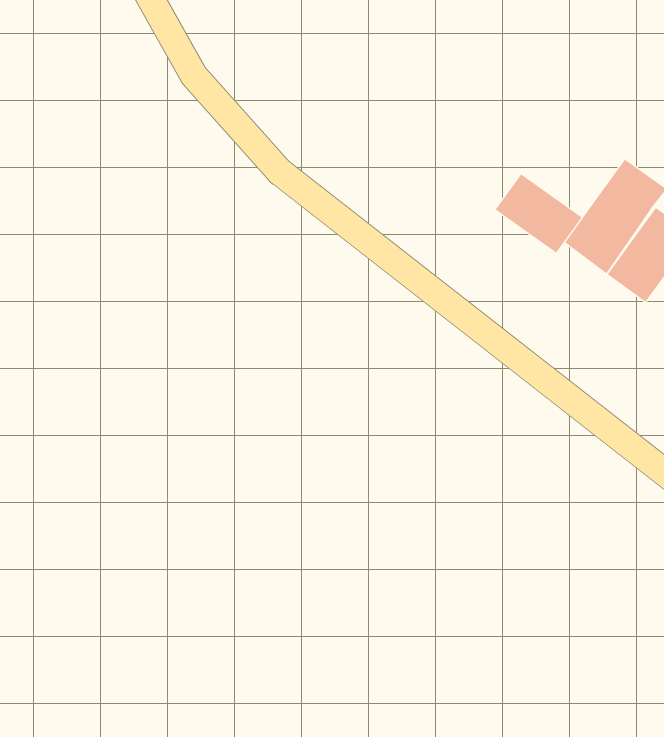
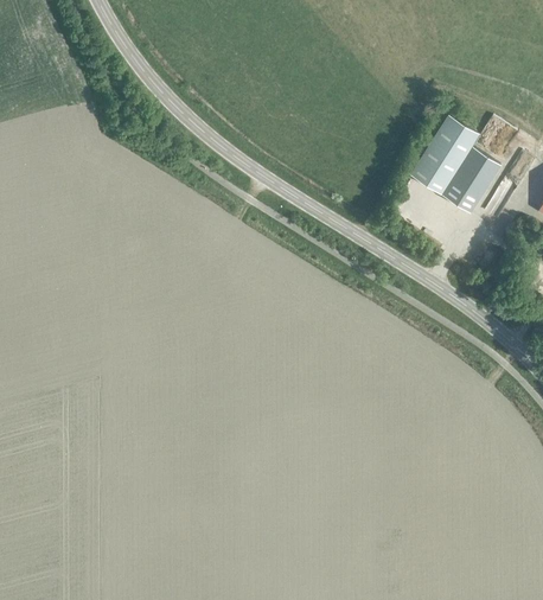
building: [495,174,582,253] -> none

